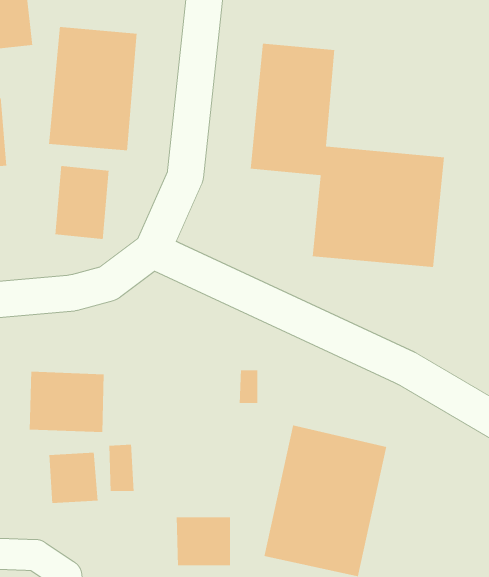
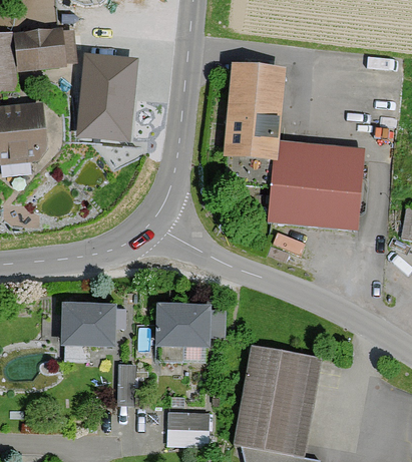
building: [54,165,109,240] -> none
building: none -> [156,306,209,347]
building: [49,452,98,504] -> none

